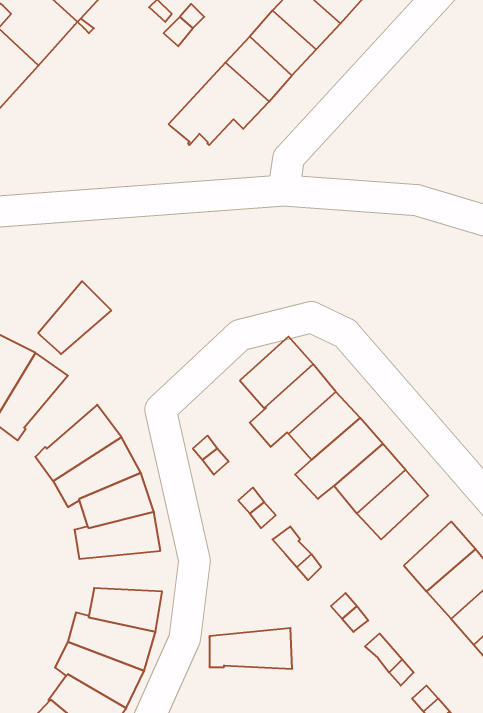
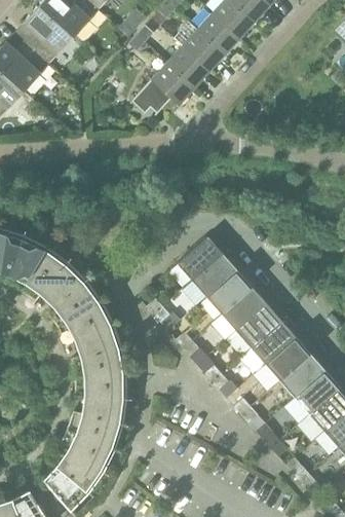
building: [38,281,111,354] -> [39,261,85,307]
building: none -> [265,337,309,381]
building: [209,628,292,669] -> [74,372,126,398]

